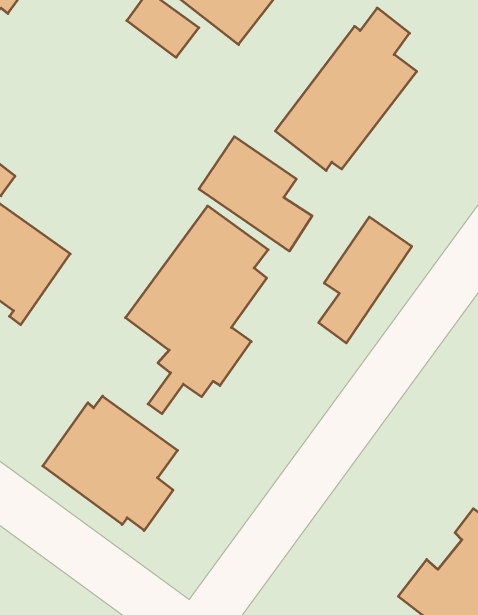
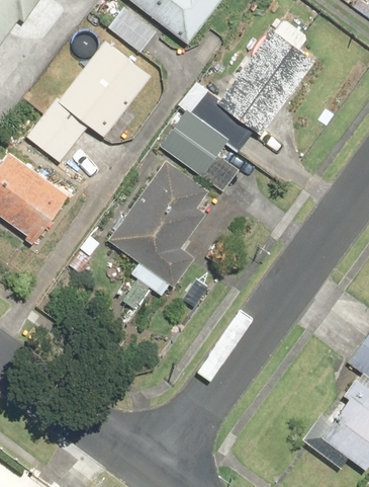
building: none -> [26,38,154,163]
building: [319,217,412,343] -> none
building: [43,396,178,531] -> none

